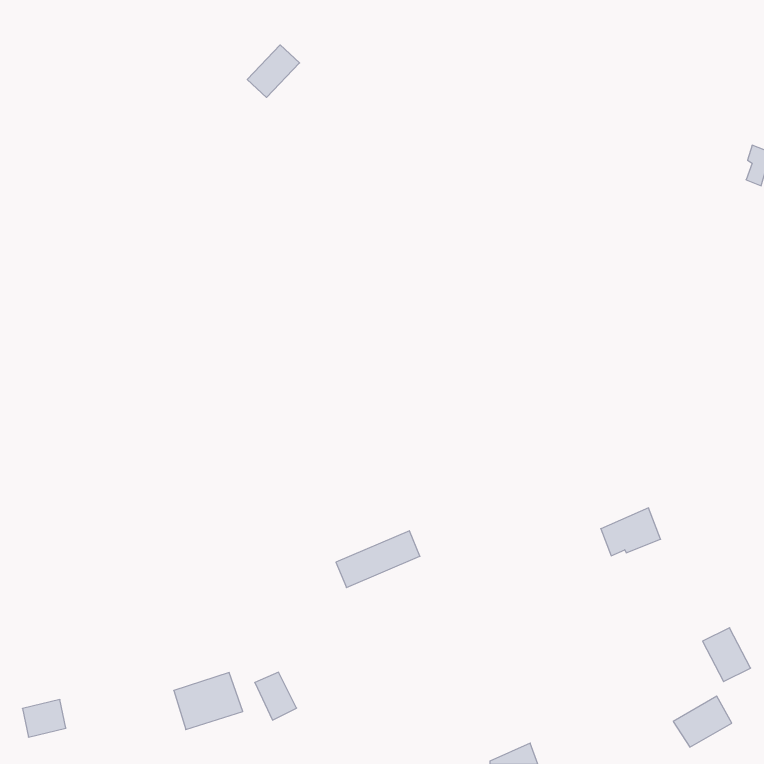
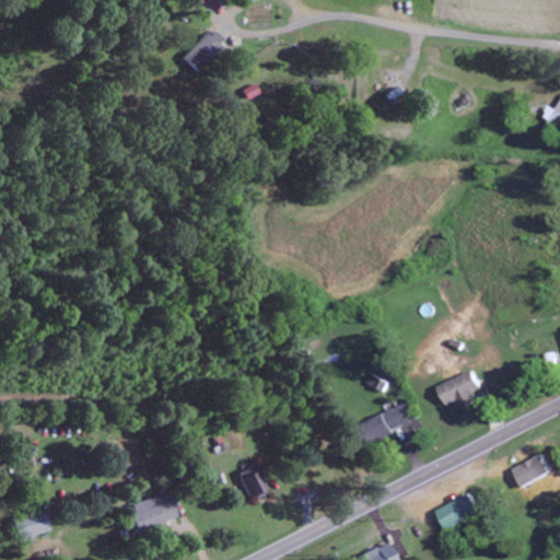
building: [336,531,420,588] -> [358,402,419,444]
building: [255,672,297,720] -> [237,466,268,501]
building: [673,696,732,747] -> [441,493,483,530]

